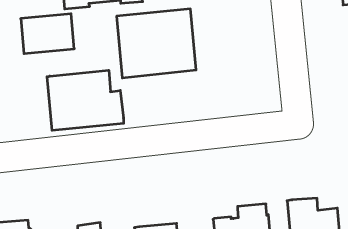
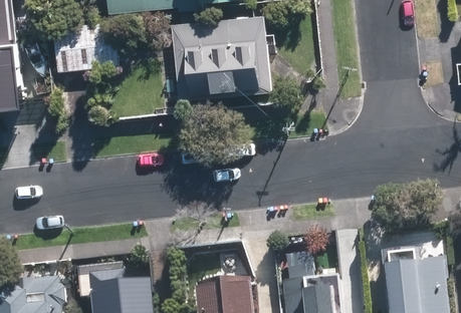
building: [47,70,124,130] -> none

